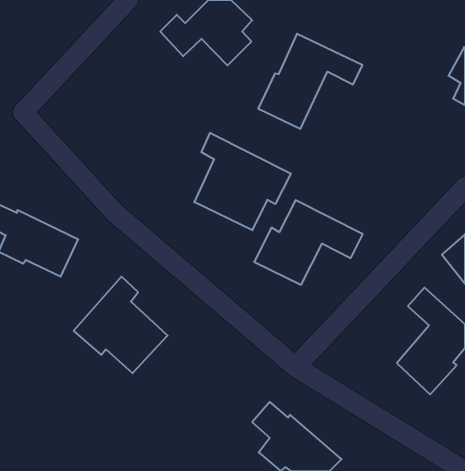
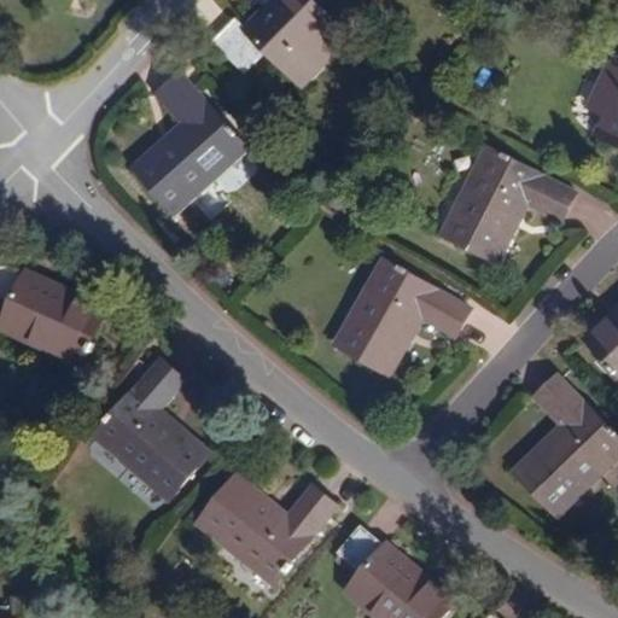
building: [258,34,362,129] -> [443,140,579,264]
building: none -> [135,72,240,214]
building: [194,133,291,230] -> none
building: none -> [193,477,332,579]

